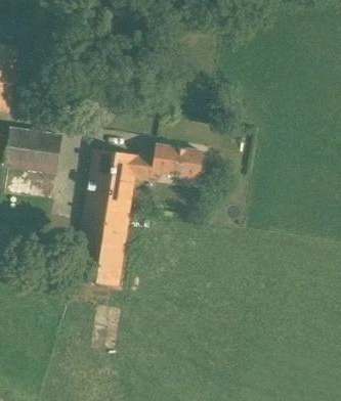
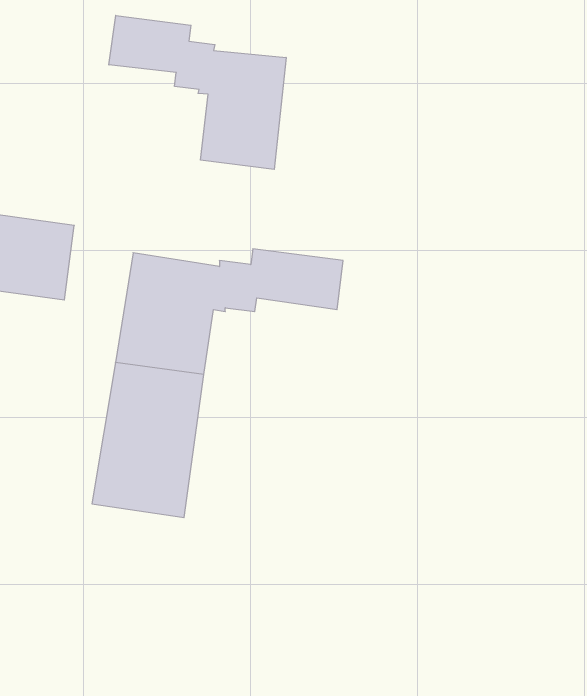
building: none -> [109,15,286,169]

